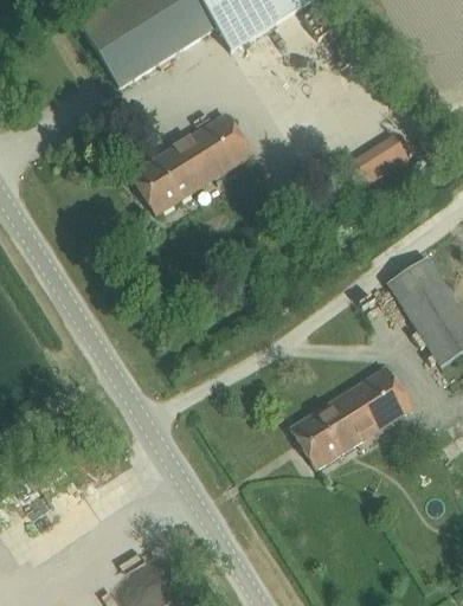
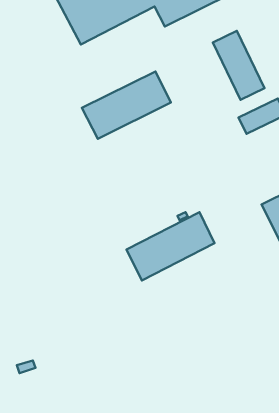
building: none -> [213,31,264,100]
building: [290,367,410,468] -> [126,212,215,281]

